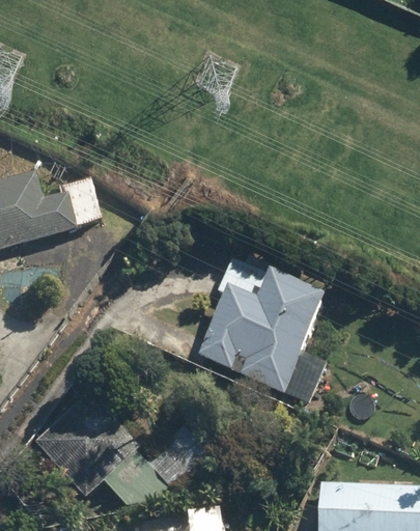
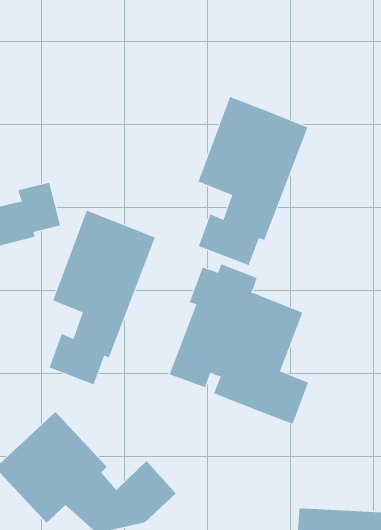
building: none -> [198,96,308,266]
building: none -> [49,210,156,385]

